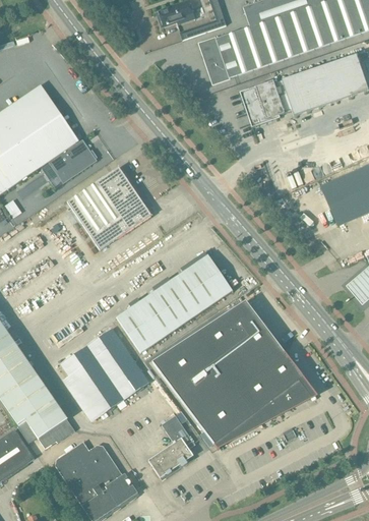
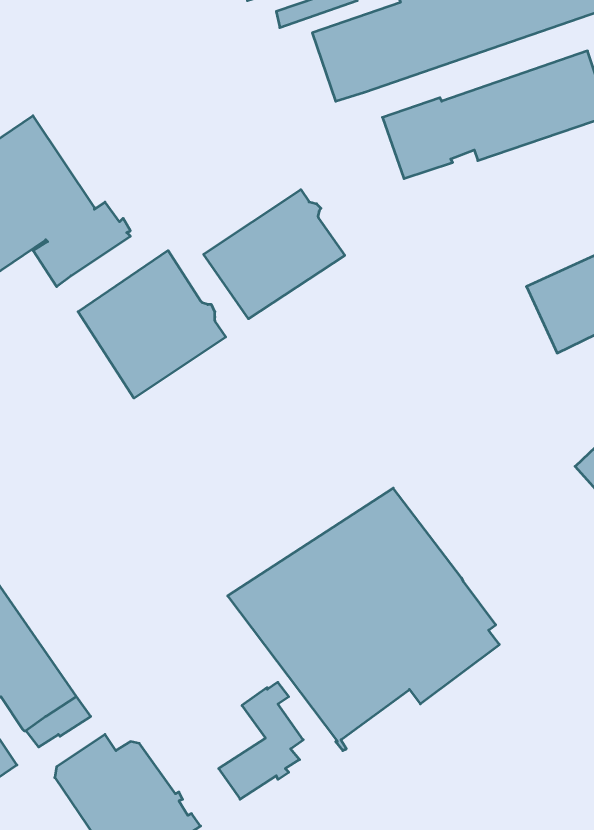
building: none -> [204,190,345,319]
building: [117,255,233,353] -> none
building: [61,329,149,421] -> none

